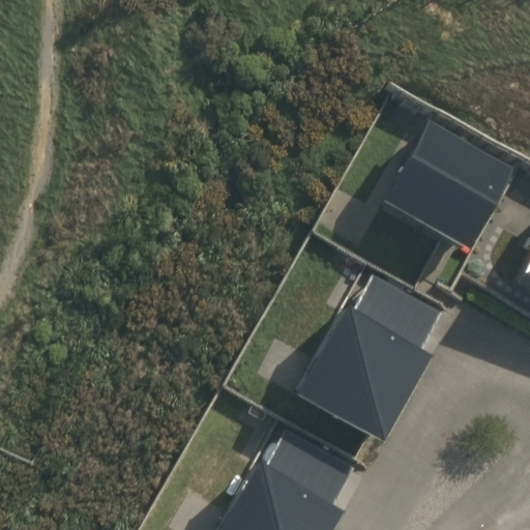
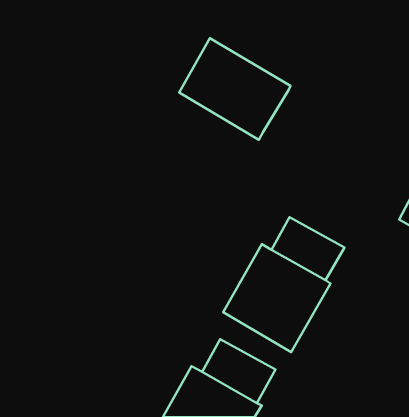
building: none -> [179,38,290,140]
building: [380,120,512,252] -> none

